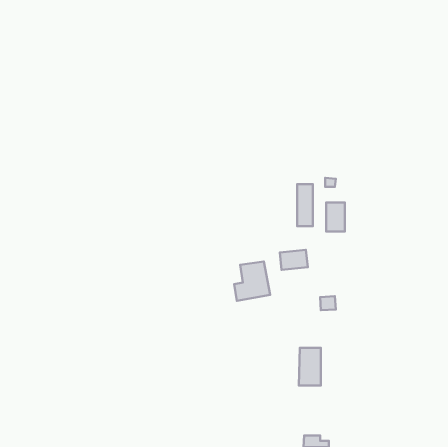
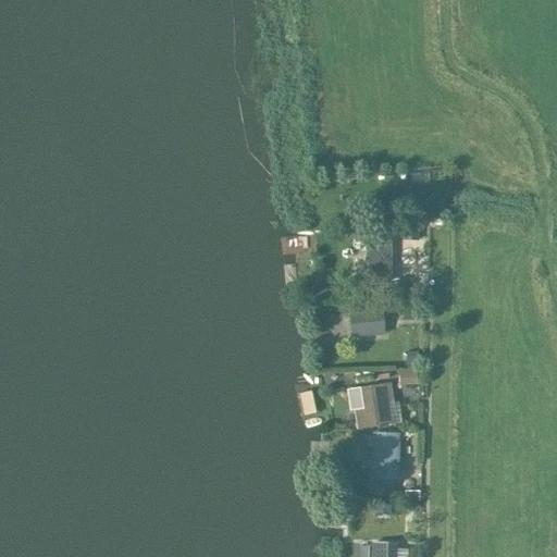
building: [326,203,345,231] -> none
building: [234,261,270,301] -> [354,382,398,431]

